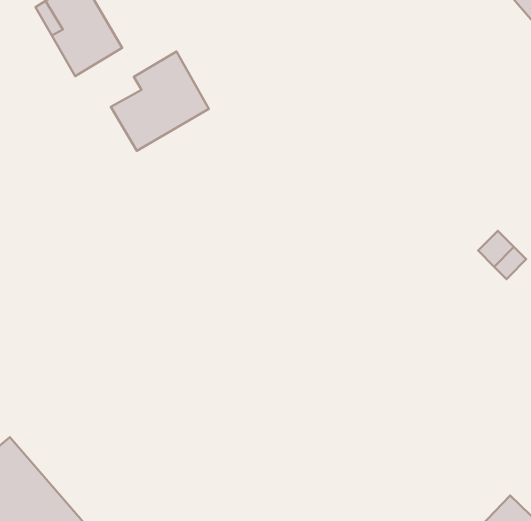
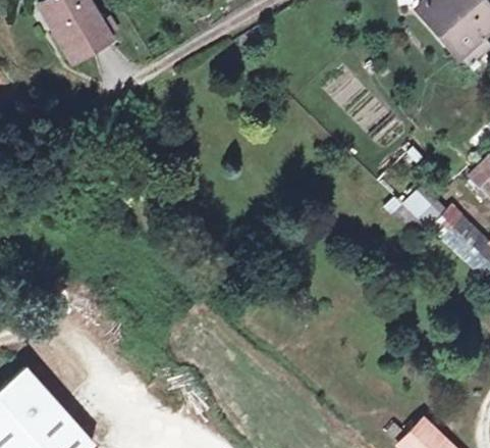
building: [111,51,209,151] -> none

